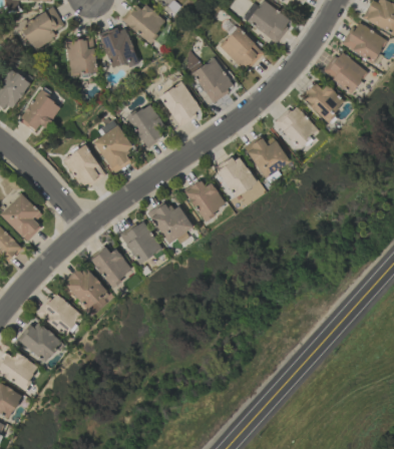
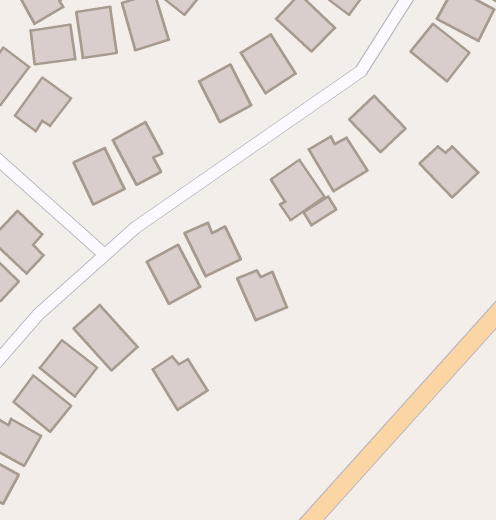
building: none -> [31,25,75,64]
building: [301,83,346,122] -> [420,146,478,197]
building: [127,103,164,148] -> none
building: [186,181,225,219] -> [237,271,287,320]
building: [90,247,132,288] -> [153,356,208,410]

